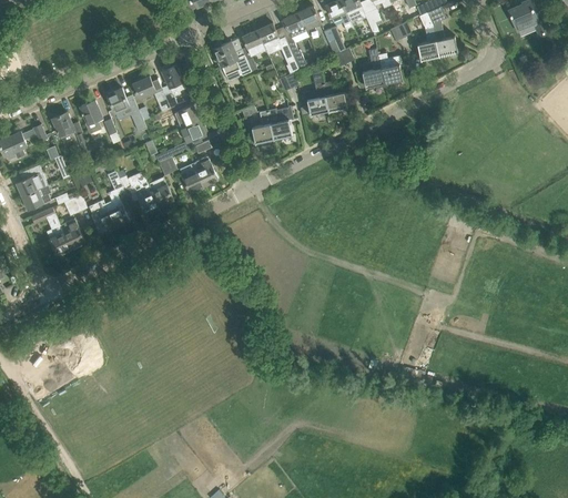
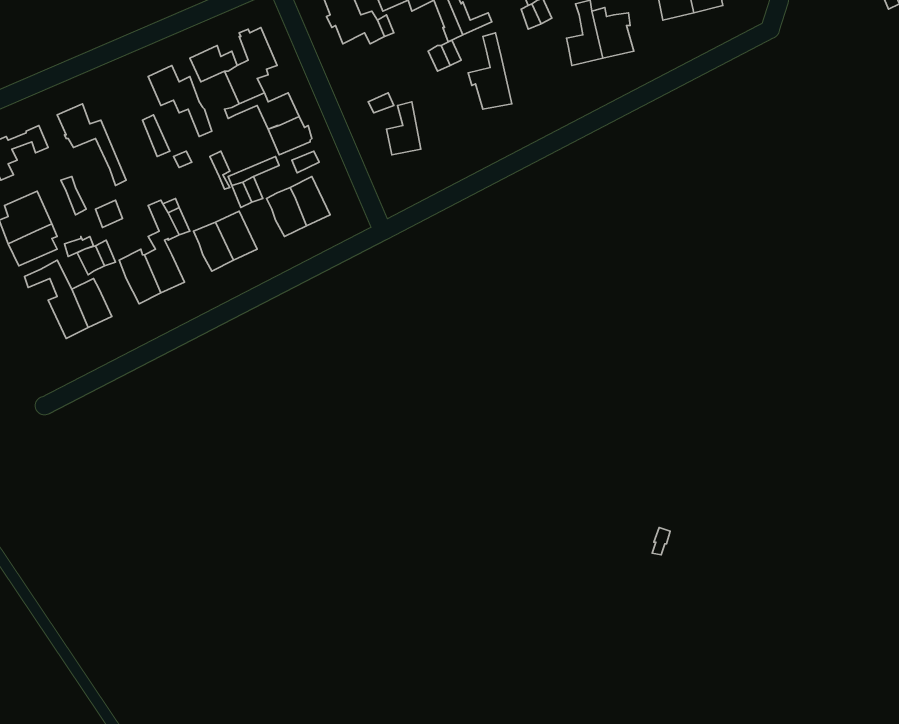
building: [322,81,347,112] -> none
building: [80,100,102,134] -> none
building: [267,106,293,140] -> none

